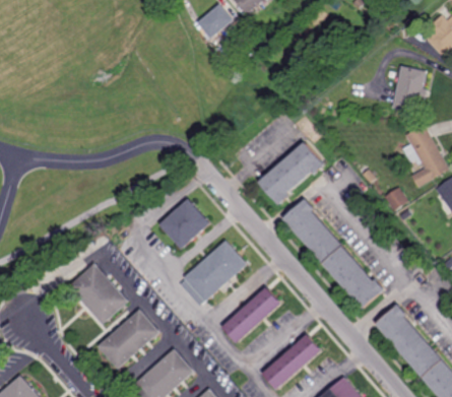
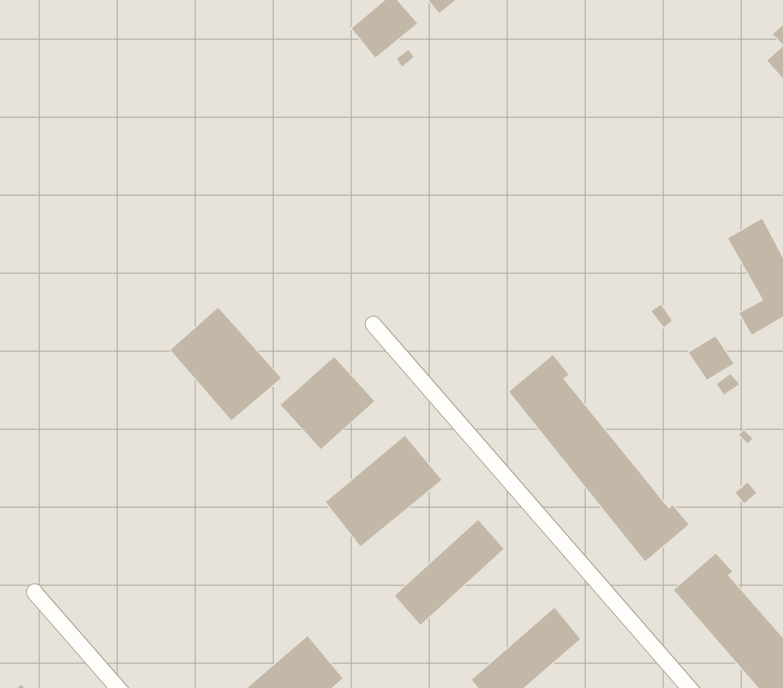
building: [389,63,424,111] -> none
building: [259,137,326,204] -> none
building: [68,262,129,324] -> [169,307,282,421]
building: [98,309,159,370] -> none

